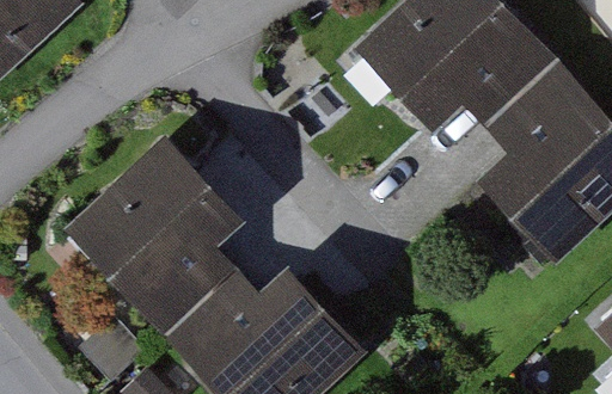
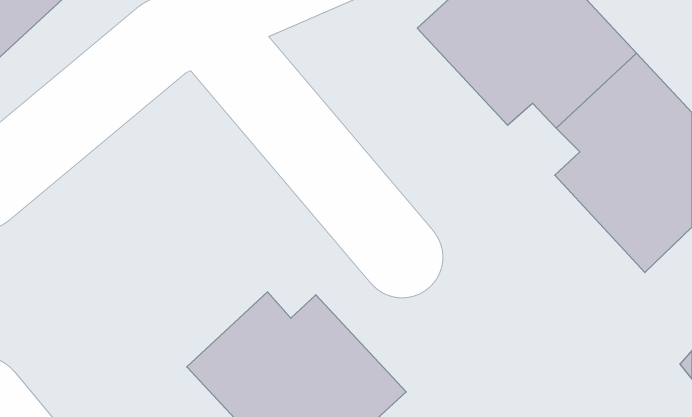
building: [71,147,240,335] -> none

